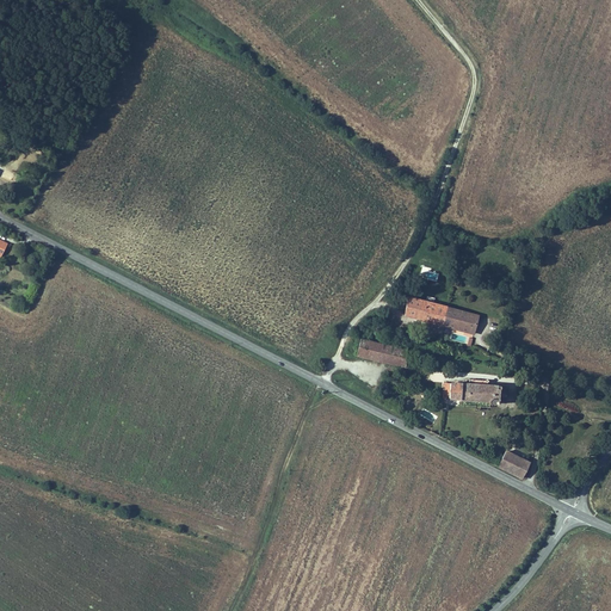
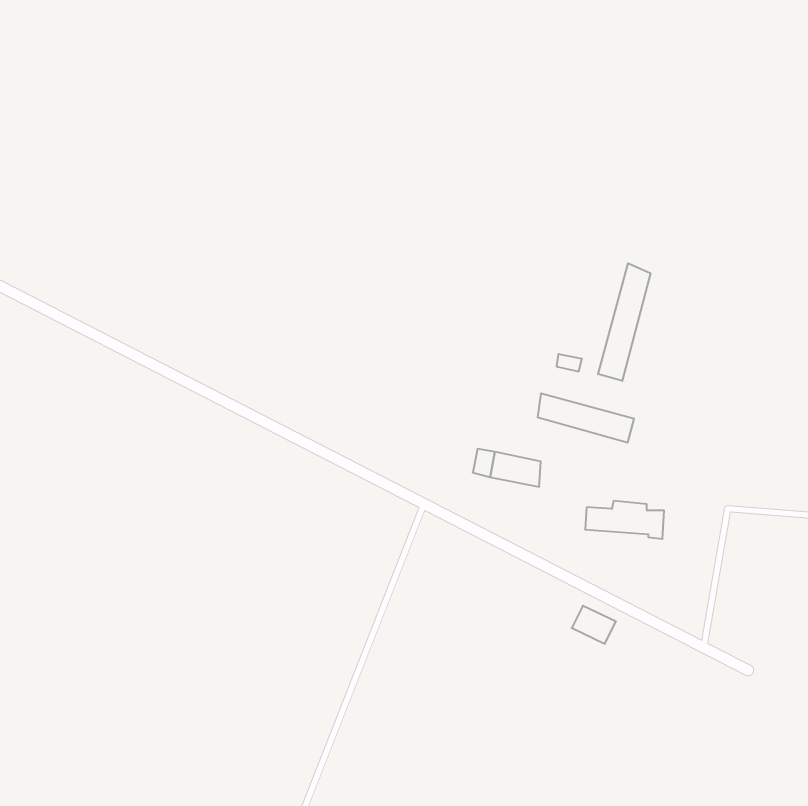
building: none -> [598,263,651,381]
building: [498,450,531,479] -> [572,606,616,644]

